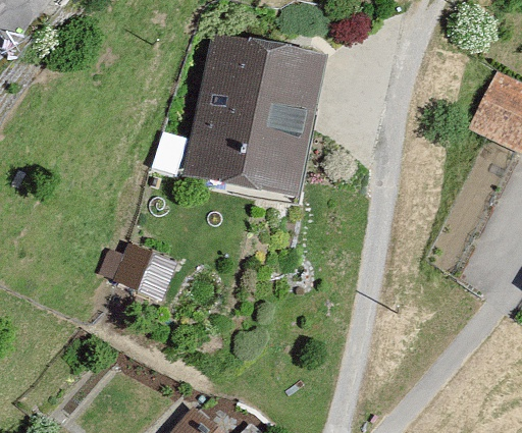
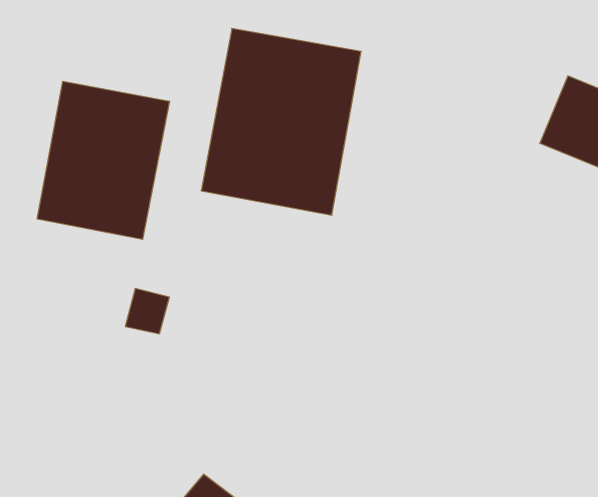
building: none -> [37,81,169,240]

